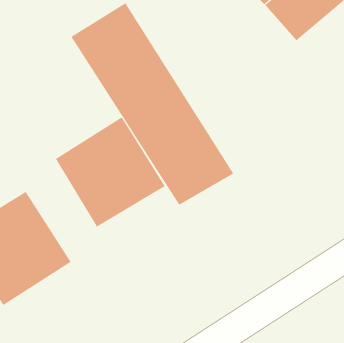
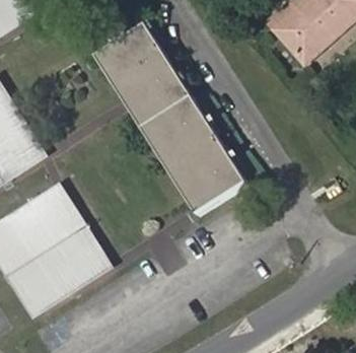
building: [55,117,165,228] -> none

